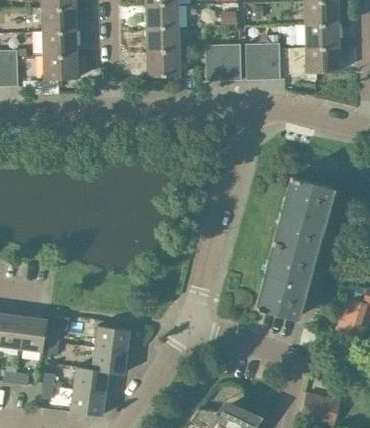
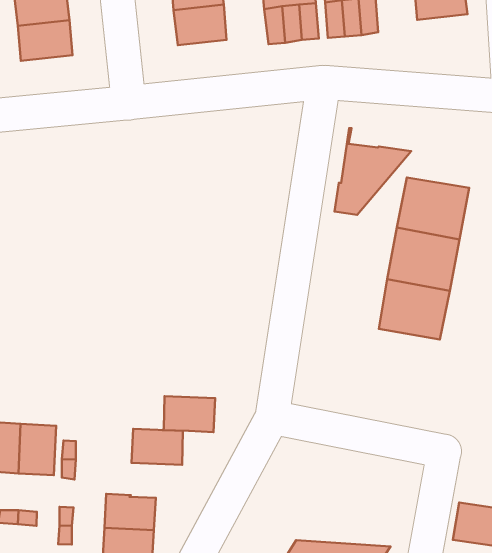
building: none -> [334,128,411,215]
building: [256,274,304,318] -> none
building: [92,348,128,374] -> [163,396,215,432]

